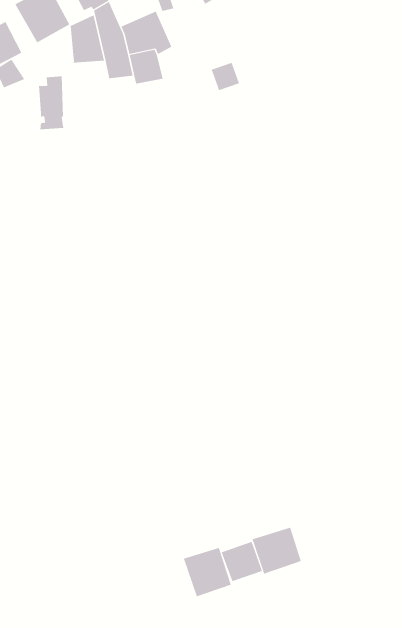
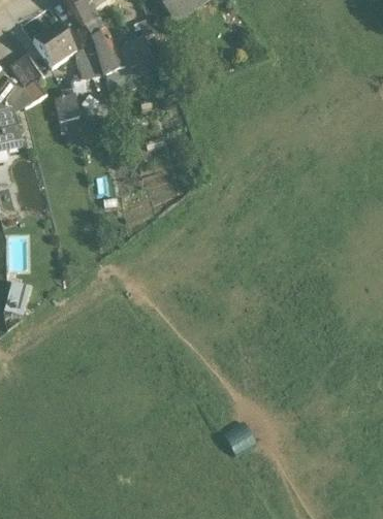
building: [252,527,302,574] -> none
building: [183,547,232,597] -> none

